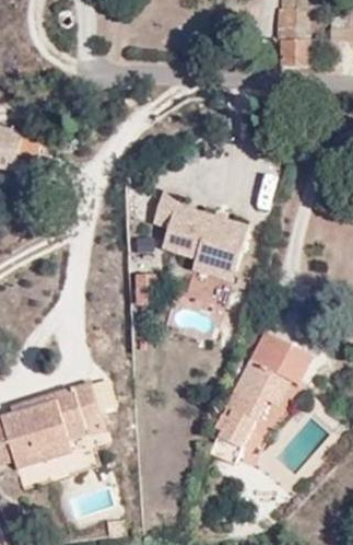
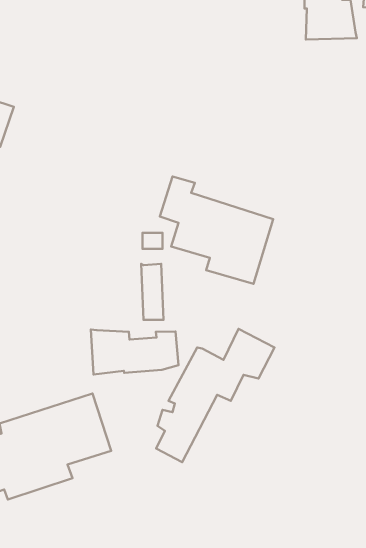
building: none -> [91,329,179,374]
building: [213,344,317,461] -> [156,329,275,462]

